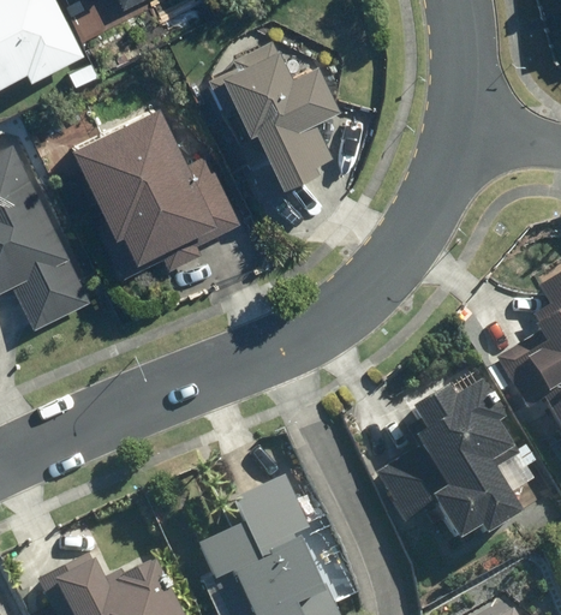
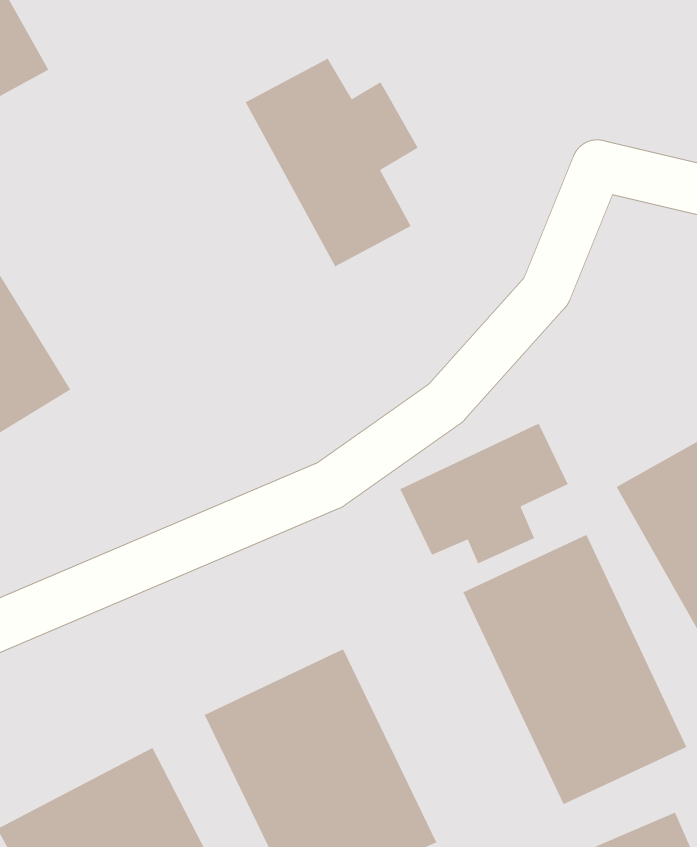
building: [83,100,226,256] -> none
building: none -> [399,423,569,564]

